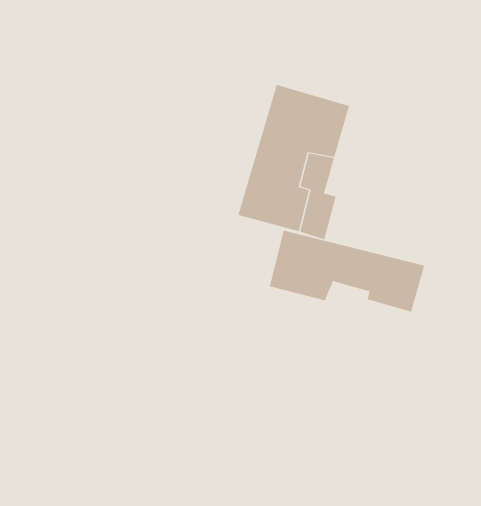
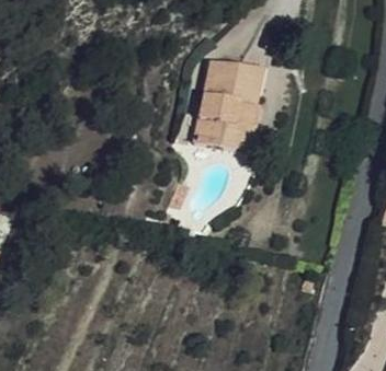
building: [269,230,425,313] -> none

